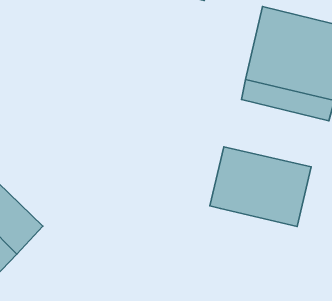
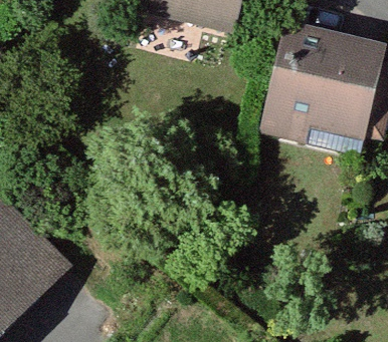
building: [210,147,311,226] -> none

